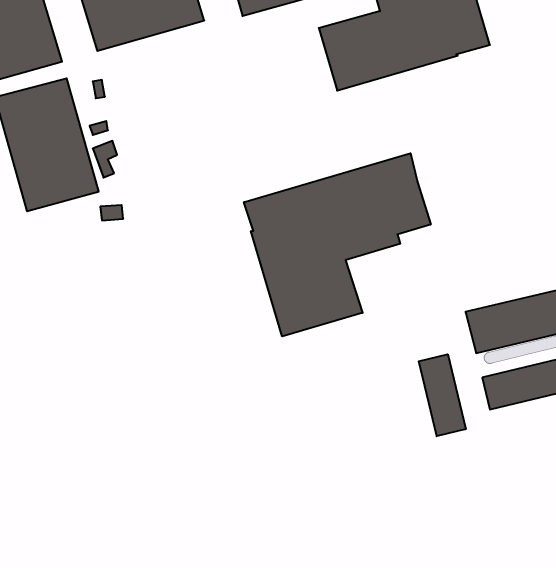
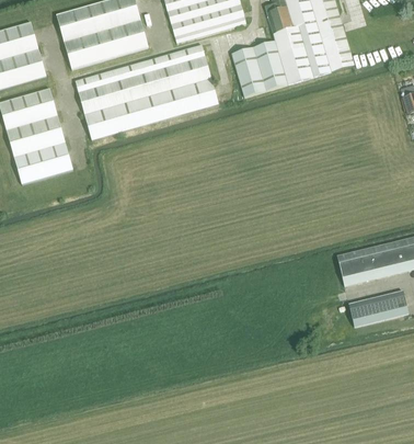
building: none -> [74,44,218,140]
building: [244,153,431,336] -> none
building: [419,354,466,436] -> none

